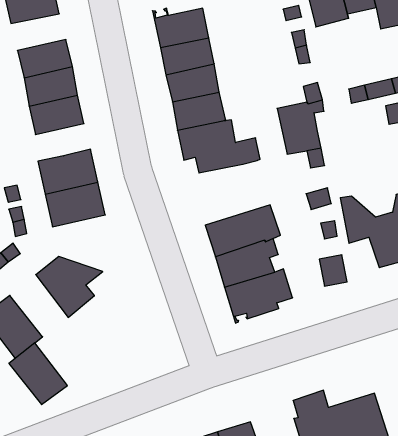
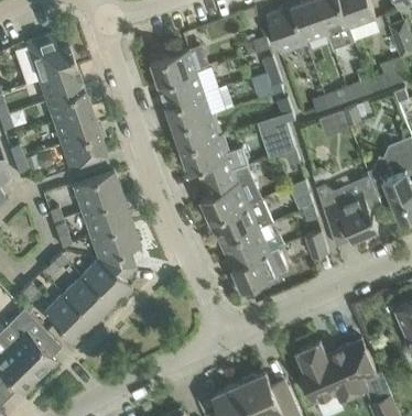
building: none -> [39,68,84,101]
building: none -> [202,166,261,222]
building: none -> [90,223,140,269]
building: [9,343,67,405] -> [63,277,111,326]

